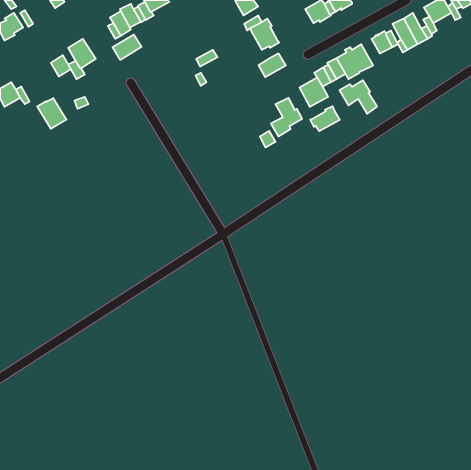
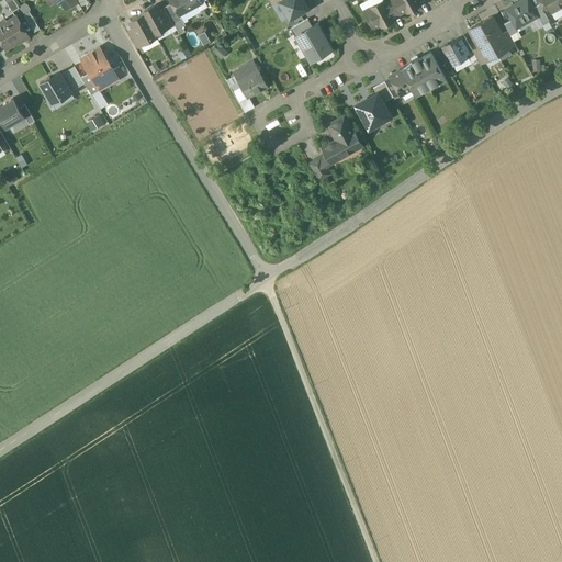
building: [112,34,141,60] -> none
building: [259,53,286,77] -> none
building: none -> [238,69,268,98]
building: [339,80,377,114] -> none
building: [37,98,67,129] -> [40,74,75,110]
building: [310,106,340,131] -> none

